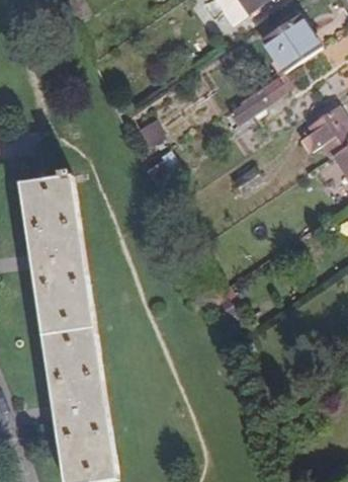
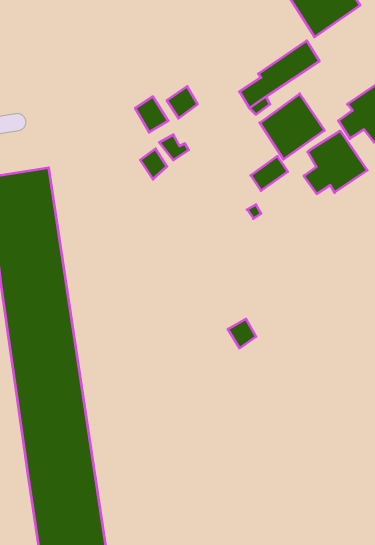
building: none -> [260,94,324,159]
building: none -> [304,131,367,194]

